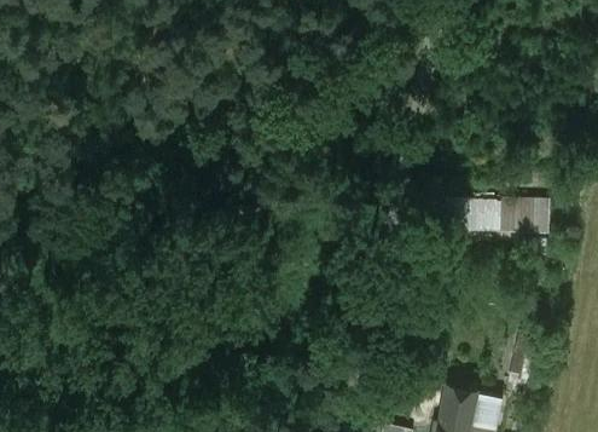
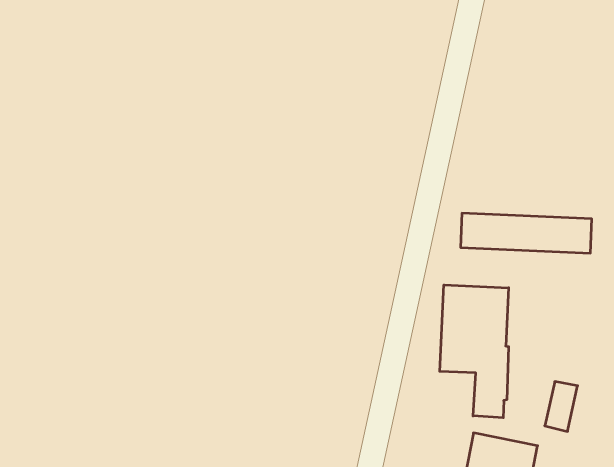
building: none -> [440,285,509,418]

